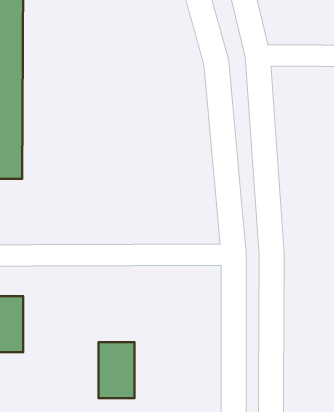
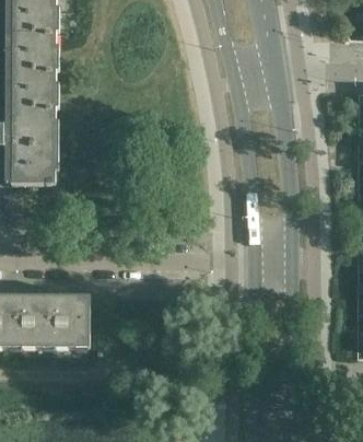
building: [99,342,135,398] -> [54,293,87,346]

